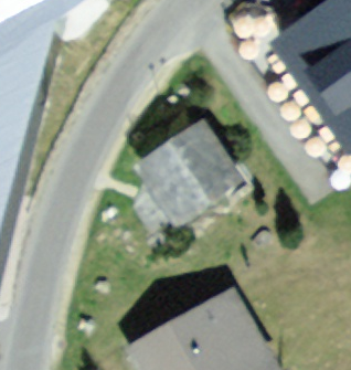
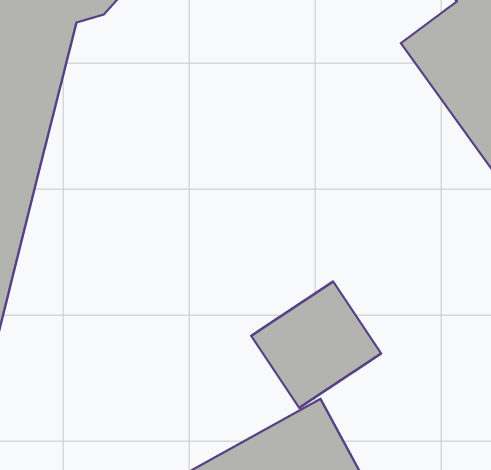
building: [142,120,232,208] -> [251,281,381,408]

